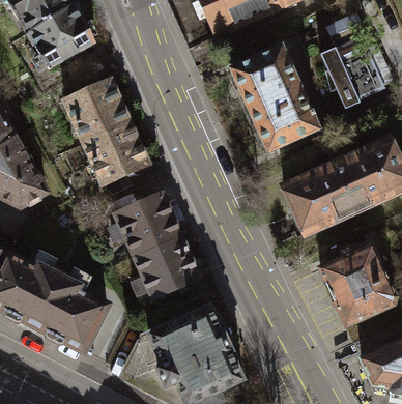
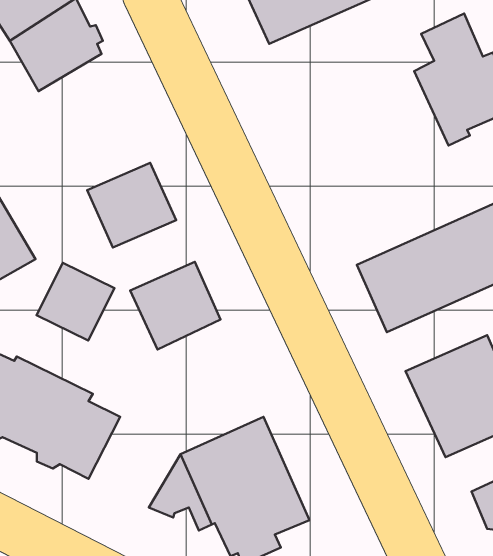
building: [227,47,315,152] -> none
building: [65,78,130,139] -> none
building: none -> [36,263,115,341]
building: [135,232,199,294] -> none

